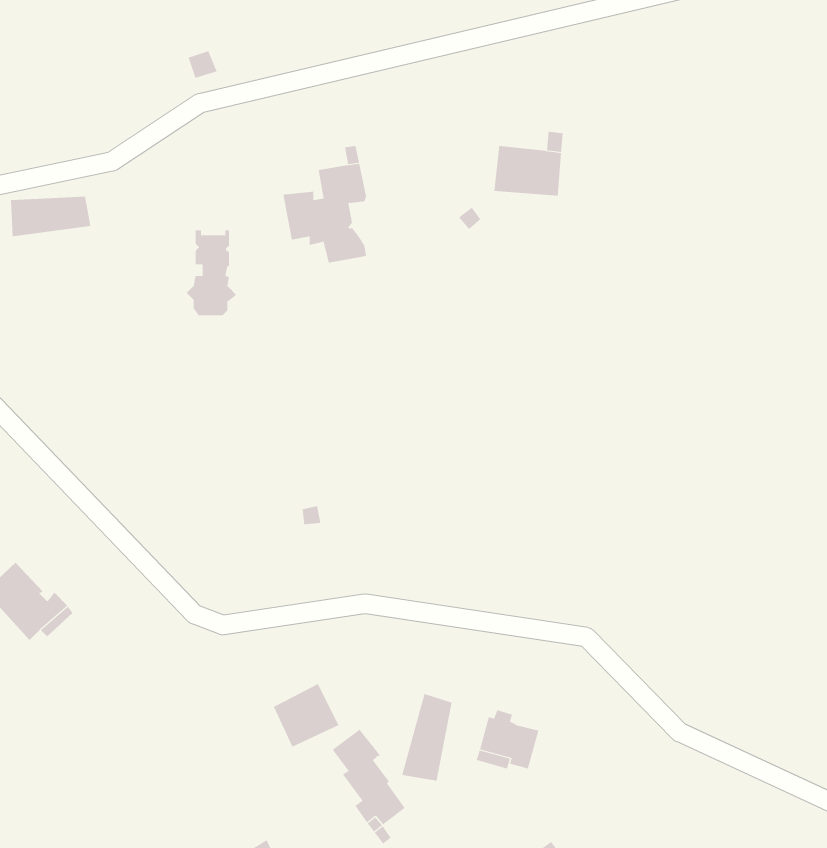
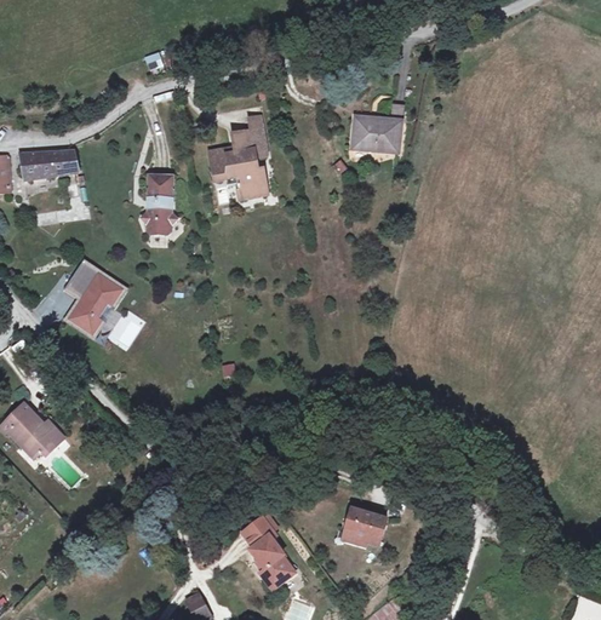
building: none -> [65,259,124,334]
building: [273,683,339,747] -> none
building: [402,693,452,782] -> none

